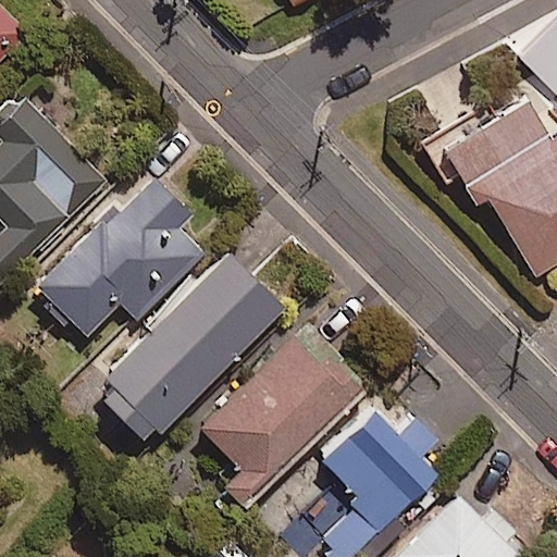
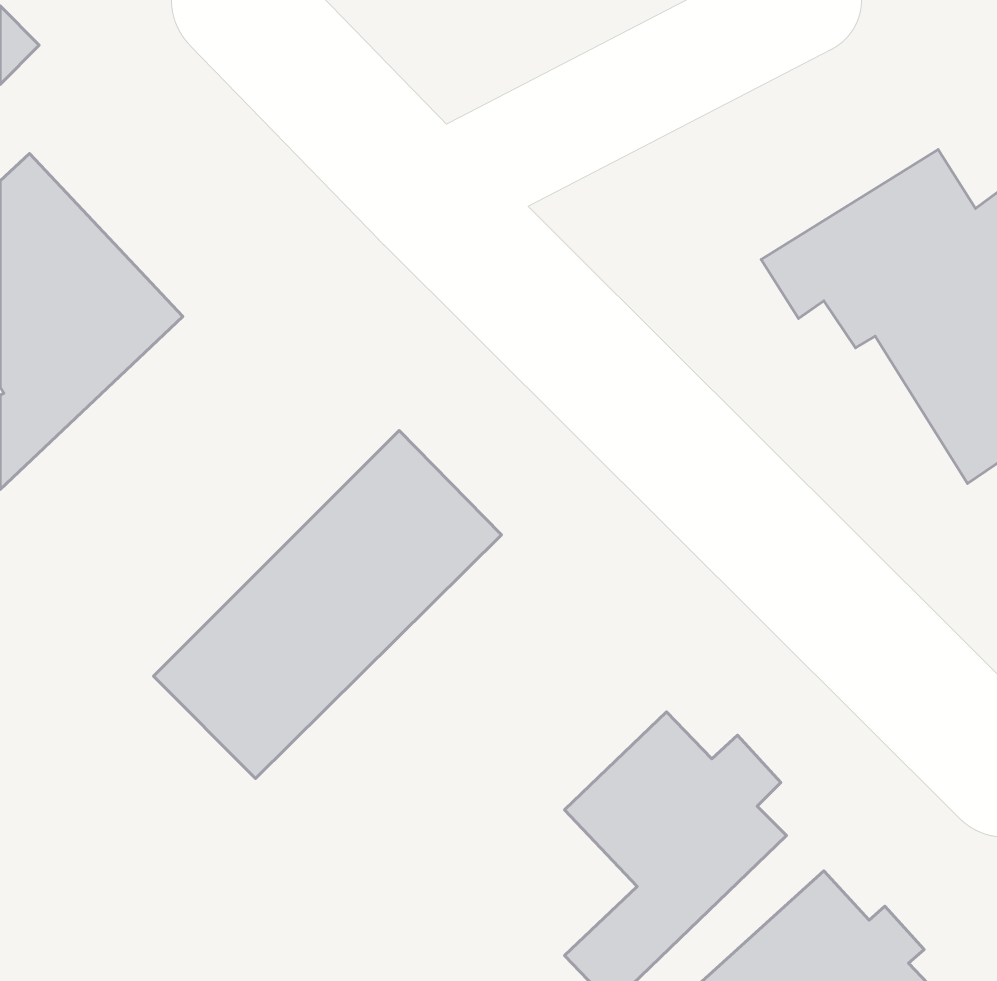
building: [25,177,202,339] -> none
building: [199,327,366,510] -> none

